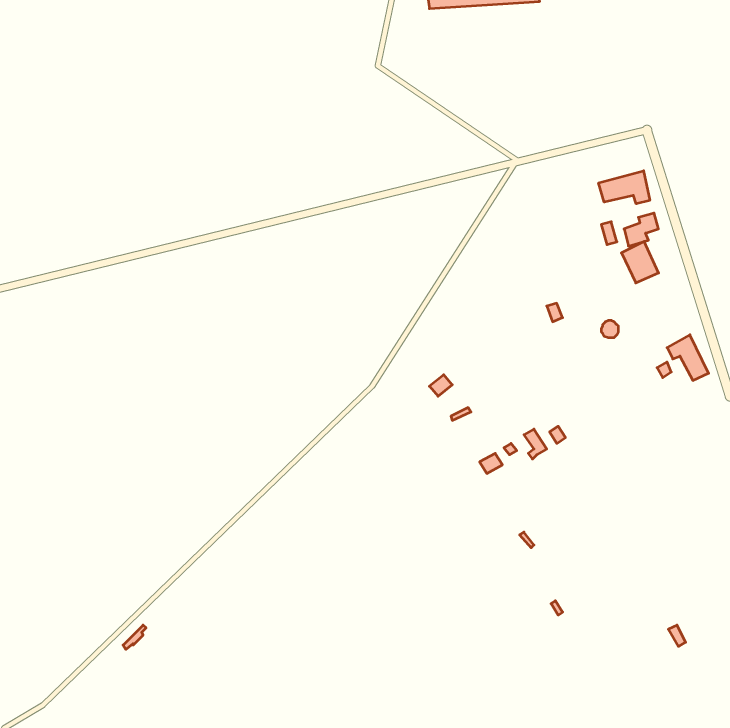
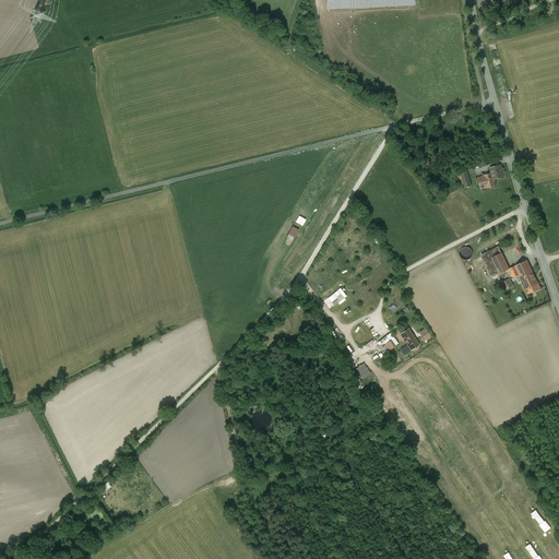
building: [599,171,650,204] -> none
building: [621,241,659,283] -> [480,241,509,273]

